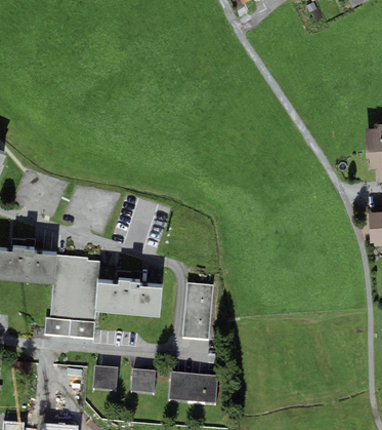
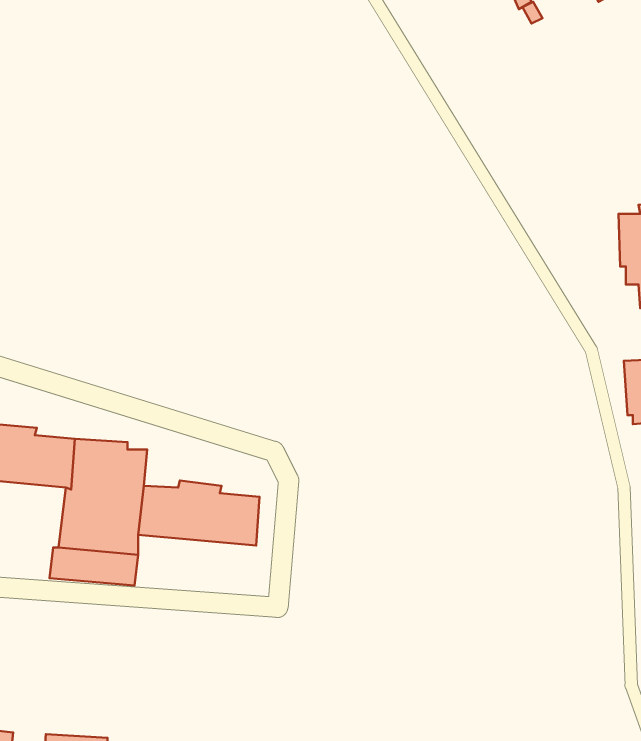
building: [183,282,213,340] -> none
building: [92,364,118,389] -> none
building: [130,367,156,393] -> none
building: [168,369,217,403] -> none

